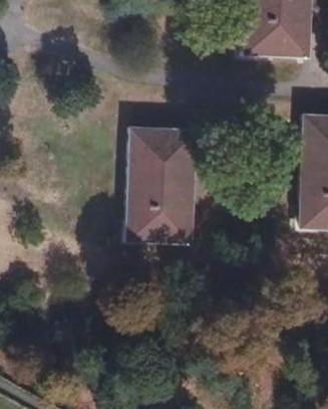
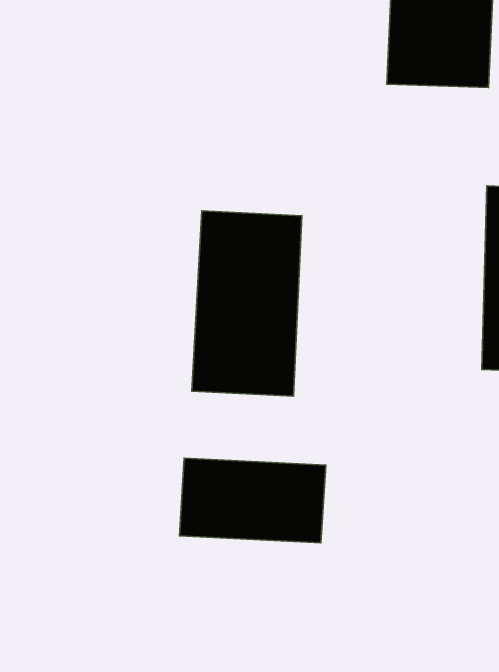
building: none -> [179,458,326,543]

